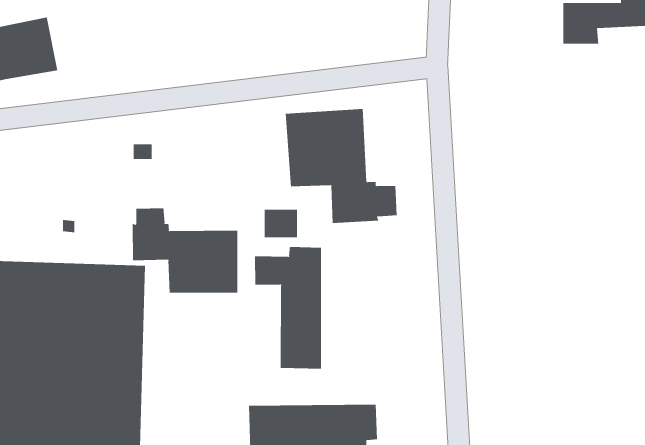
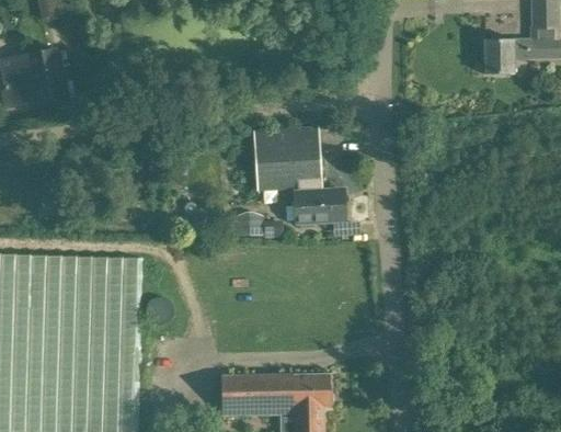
building: [132,208,238,293] -> none
building: [254,246,321,369] -> none

